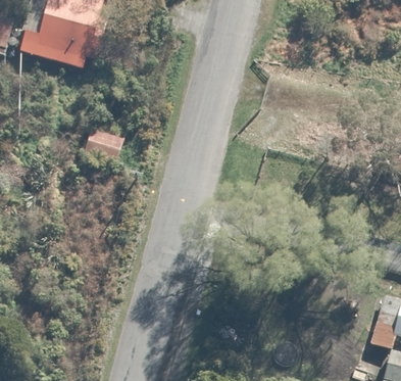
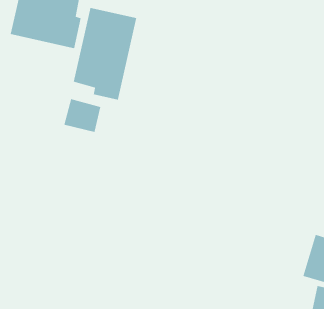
building: none -> [73,7,137,101]

